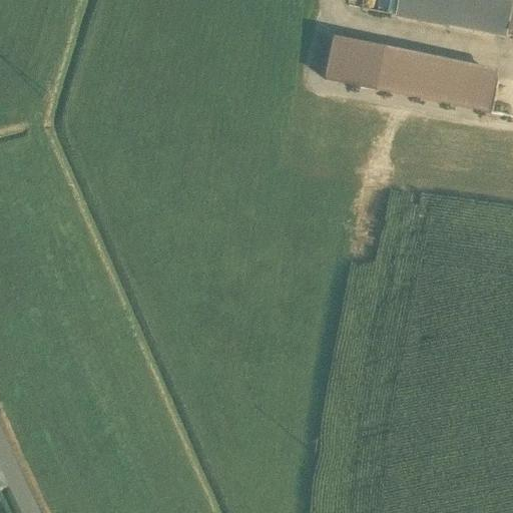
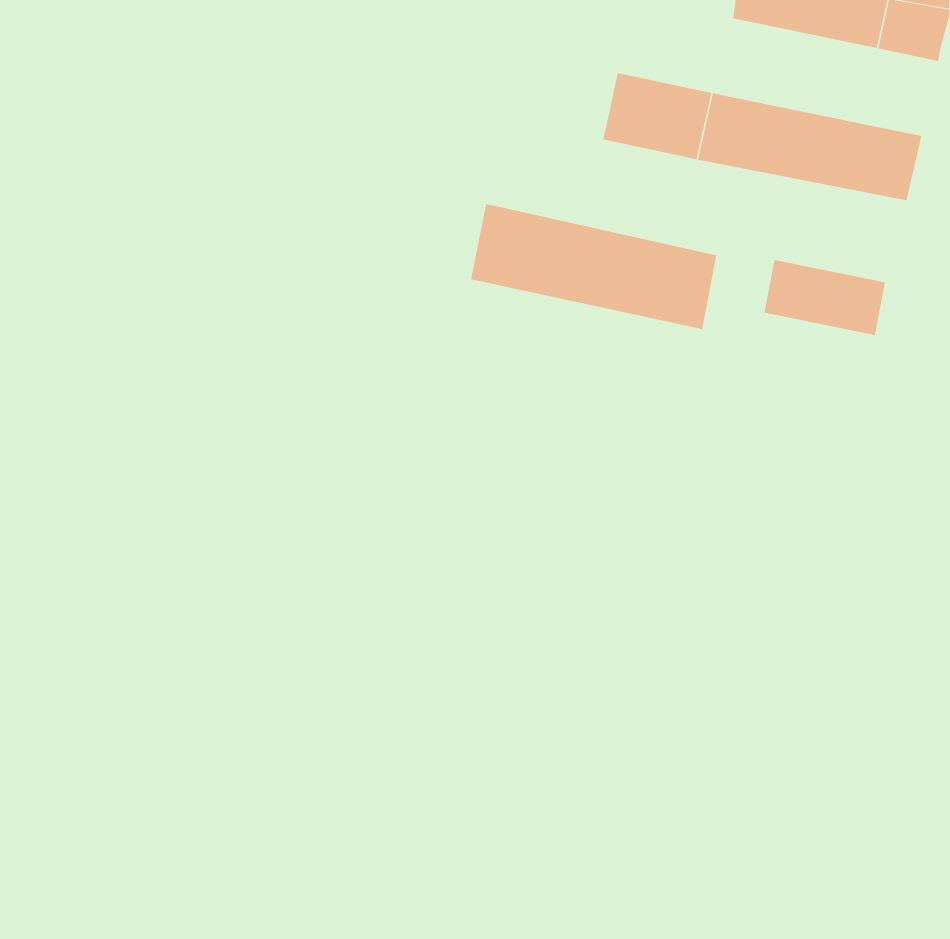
building: none -> [471,203,717,330]
building: none -> [764,259,886,336]

